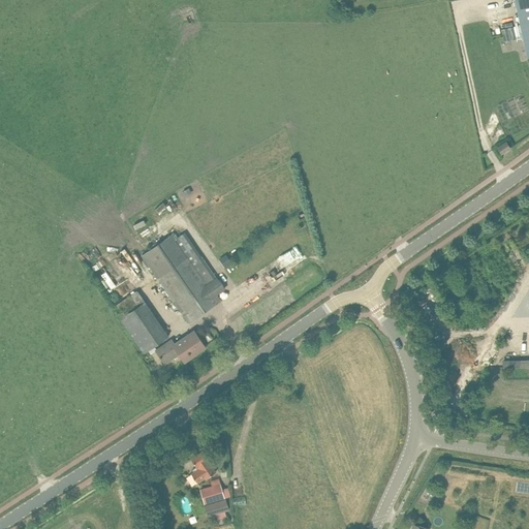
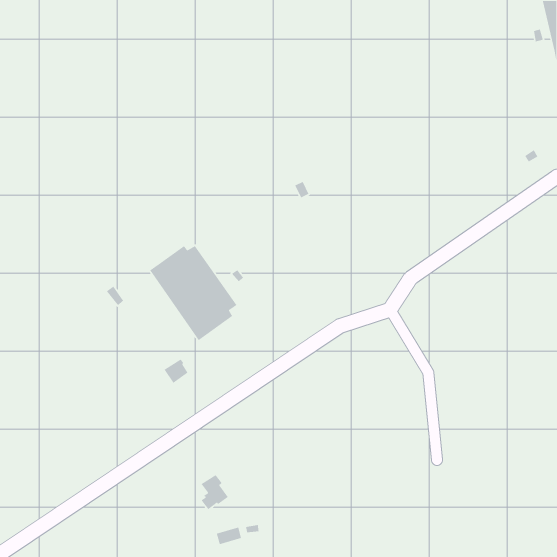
building: [117,291,168,353] -> none
building: [174,332,205,362] -> none
building: [199,478,230,504] -> none

